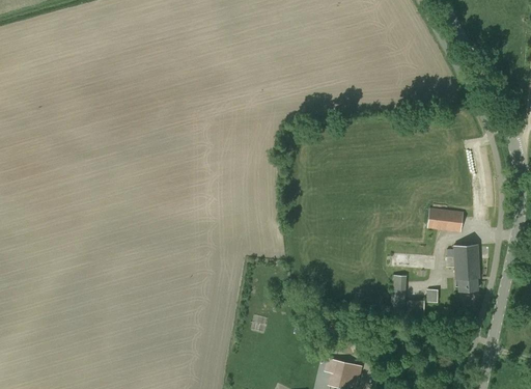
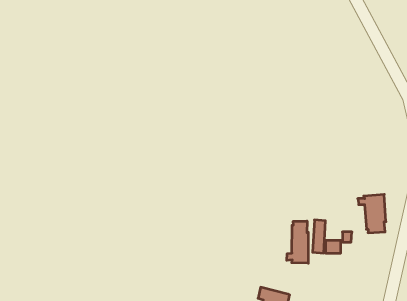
building: [427,207,464,232] -> none
building: none -> [287,221,308,263]

